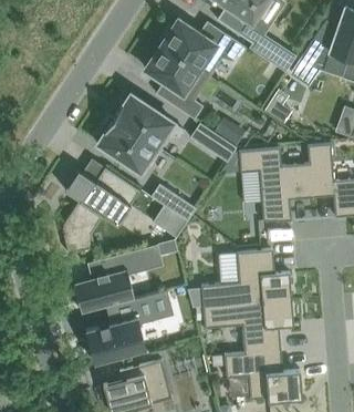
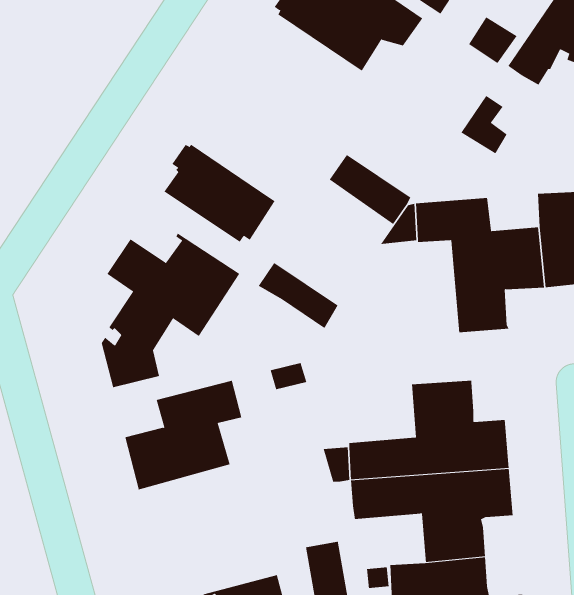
building: [145,44,209,120] -> none
building: [113,94,184,147] -> none
building: [153,205,188,238] -> none
building: [86,290,174,364] -> none

